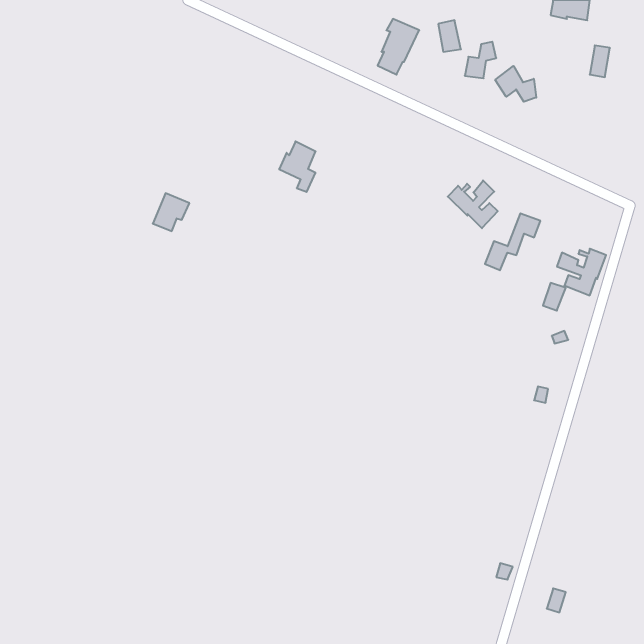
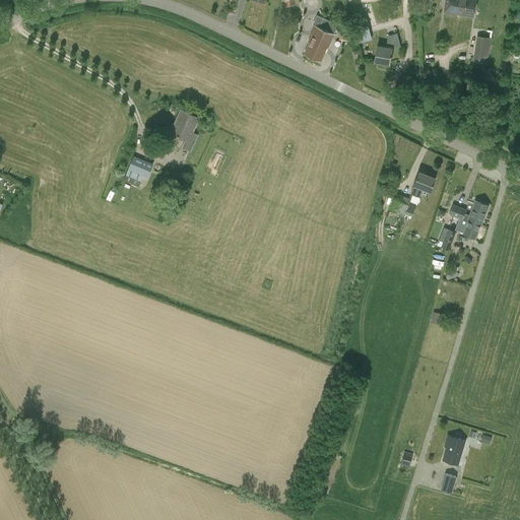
building: [495,66,536,102] -> none
building: [279,141,316,192] -> [168,111,197,151]
building: [448,180,498,228] -> none
building: none -> [442,437,463,464]

